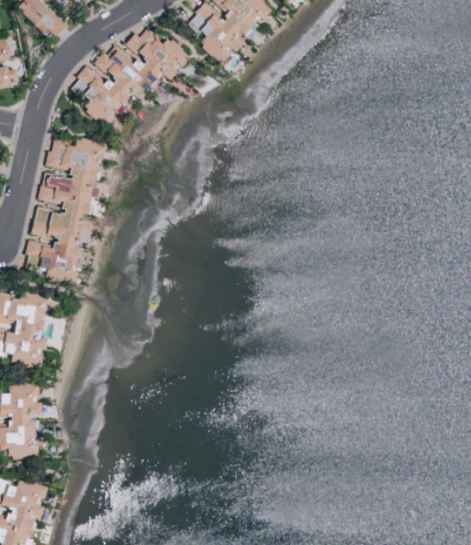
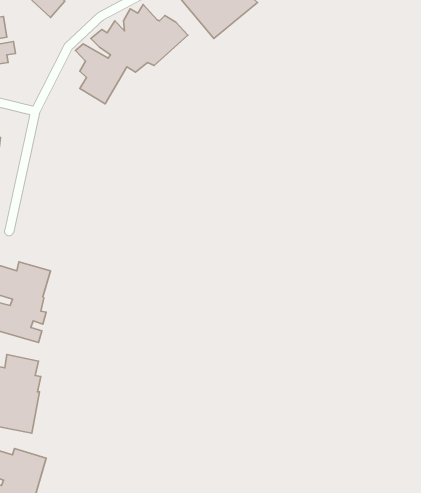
building: [25,137,105,284] -> none

